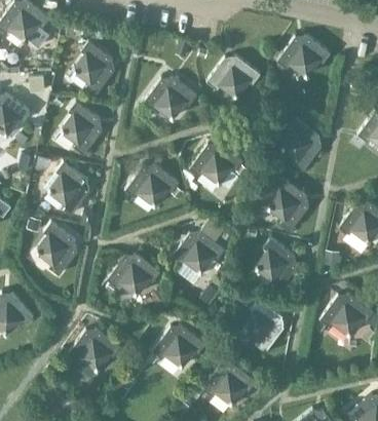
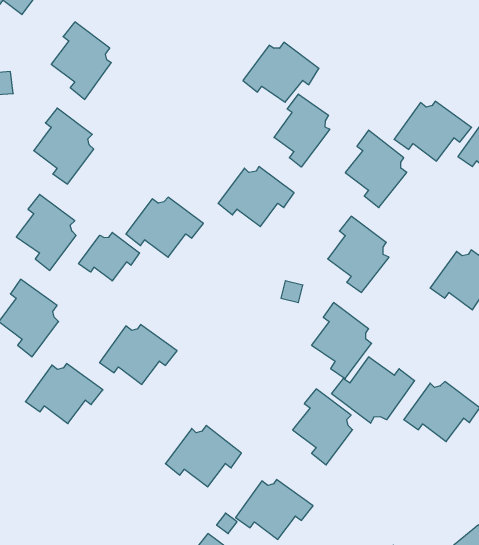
building: [276,36,331,78] -> [394,101,472,161]
building: [142,78,196,120] -> none
building: none -> [274,94,330,167]
building: none -> [79,232,140,281]
building: [171,232,225,274] -> none
building: none -> [332,357,415,423]
building: [67,330,121,372] -> [25,364,103,424]

